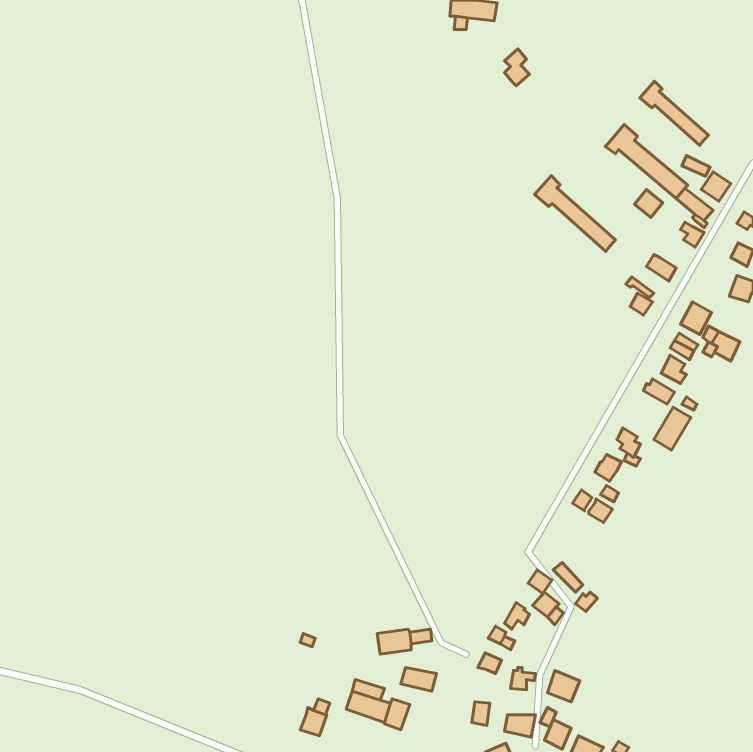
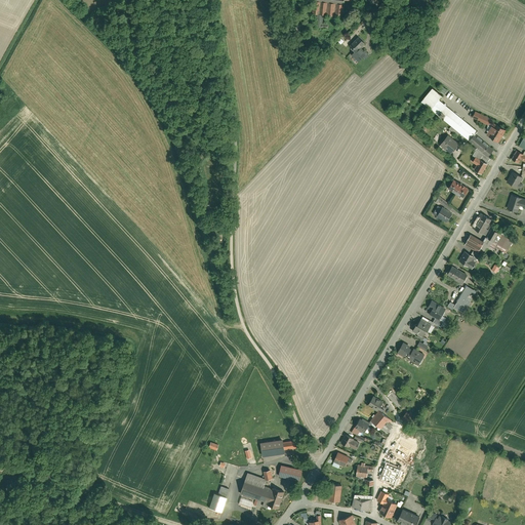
building: [640,81,708,146] -> none
building: [535,176,616,251] -> none

